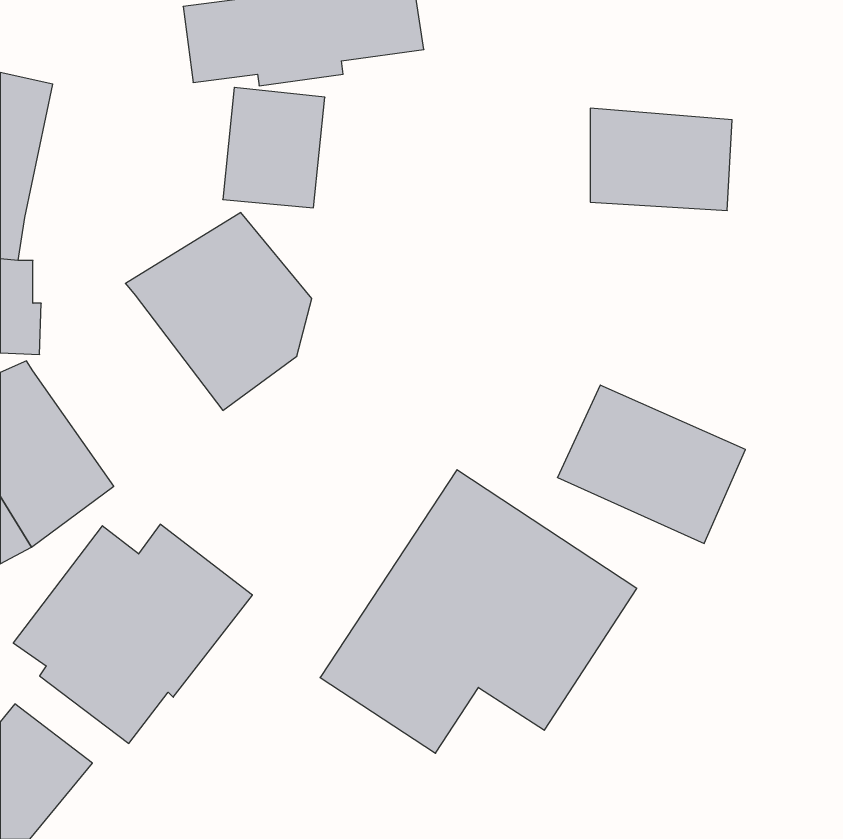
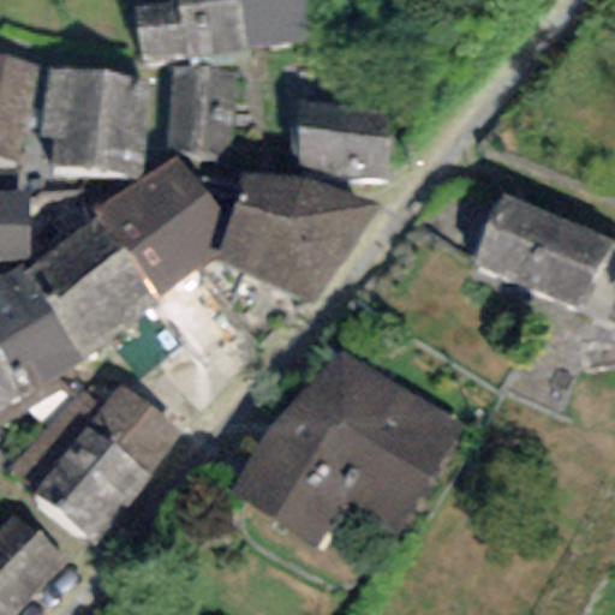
building: none -> [38,65,148,179]
building: [590,108,732,210] -> [289,101,393,175]
building: none -> [216,171,380,299]
building: none -> [24,215,162,354]
building: [557,385,745,543] -> [471,192,608,308]

